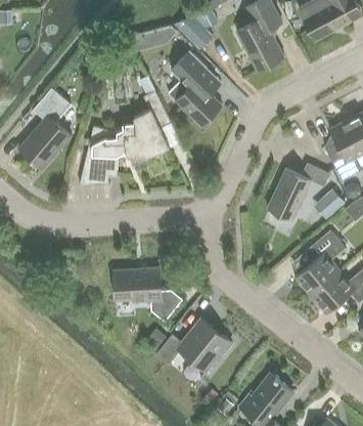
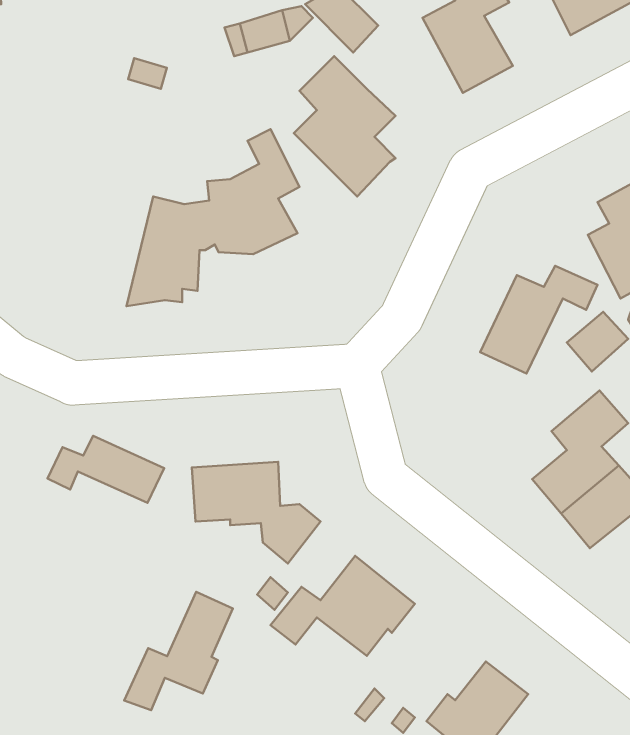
building: [18,88,71,167] -> none
building: none -> [47,436,164,503]
building: none -> [124,592,233,710]

